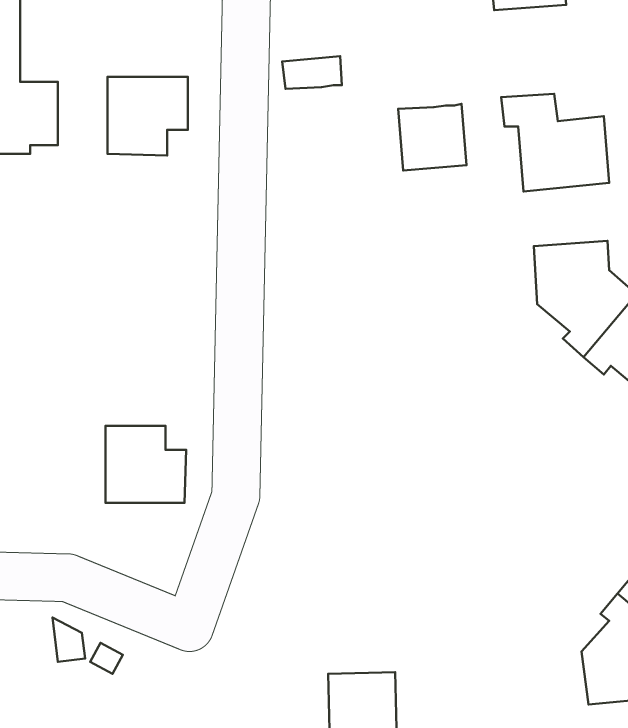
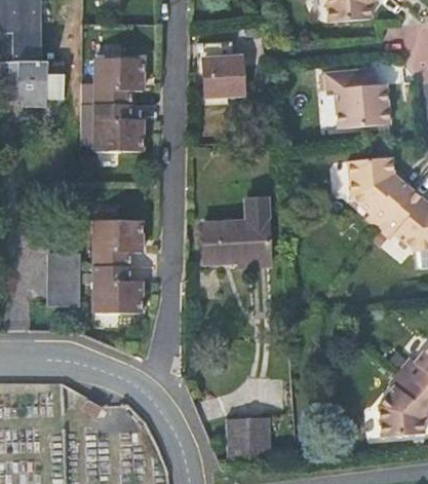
building: [398,104,467,170] -> [200,63,241,103]
building: none -> [93,105,142,152]
building: none -> [204,209,269,268]
building: none -> [92,221,141,268]
building: none -> [49,256,79,307]

